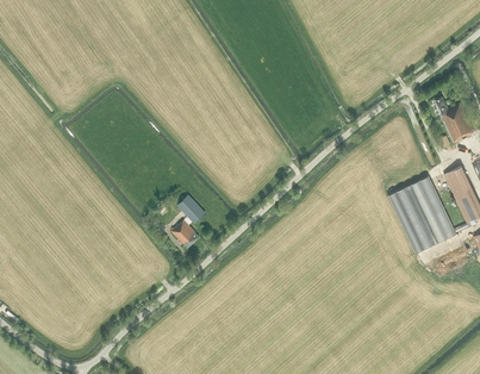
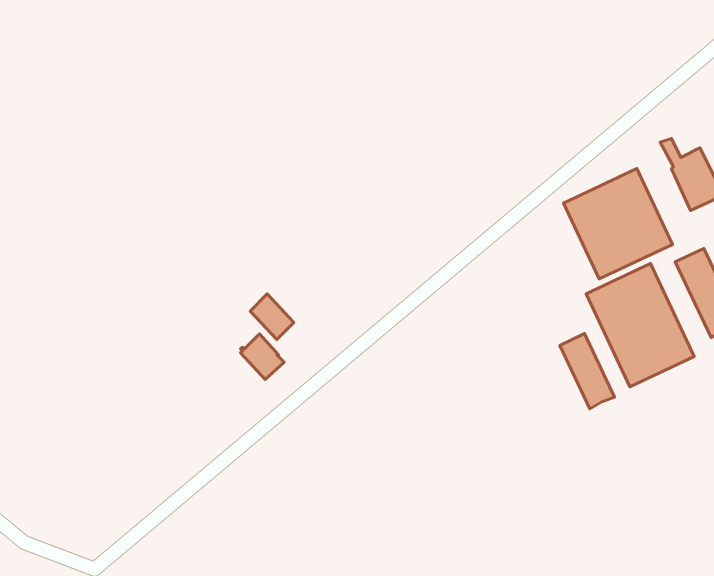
building: none -> [564,169,672,279]
building: none -> [560,334,614,409]

